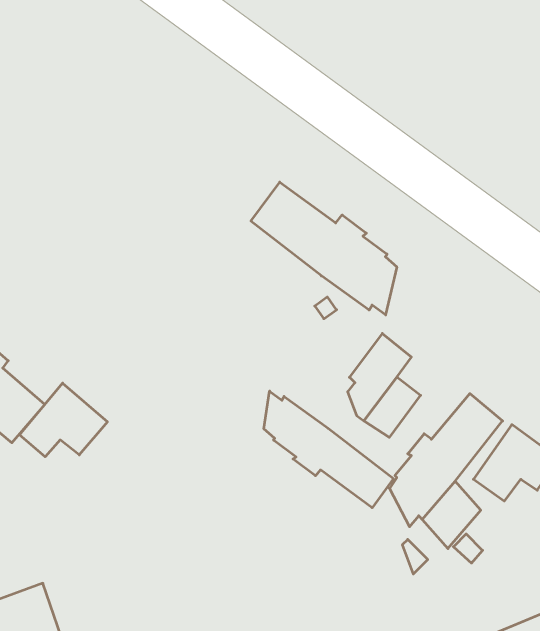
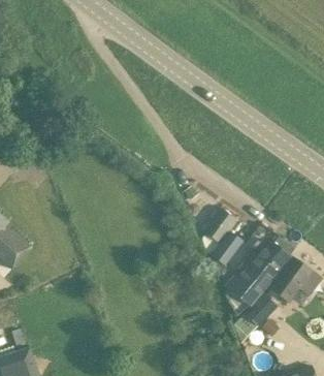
building: [251,182,397,315] -> none
building: [19,383,107,457] -> none
building: [264,391,393,508] -> none

